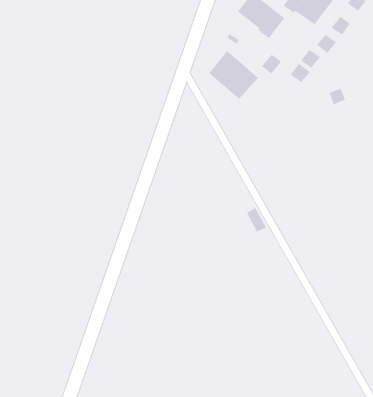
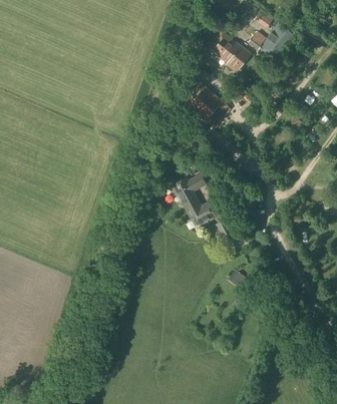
building: none -> [174,176,219,234]

